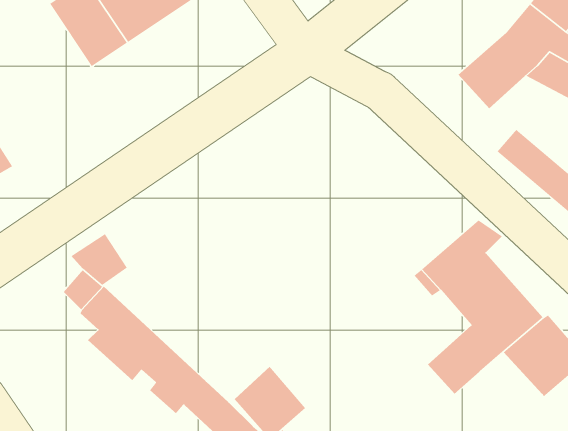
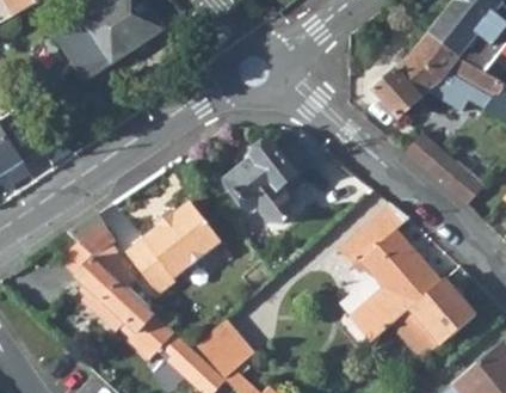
building: none -> [224,130,326,223]
building: none -> [125,201,221,294]
building: none -> [390,308,439,358]

